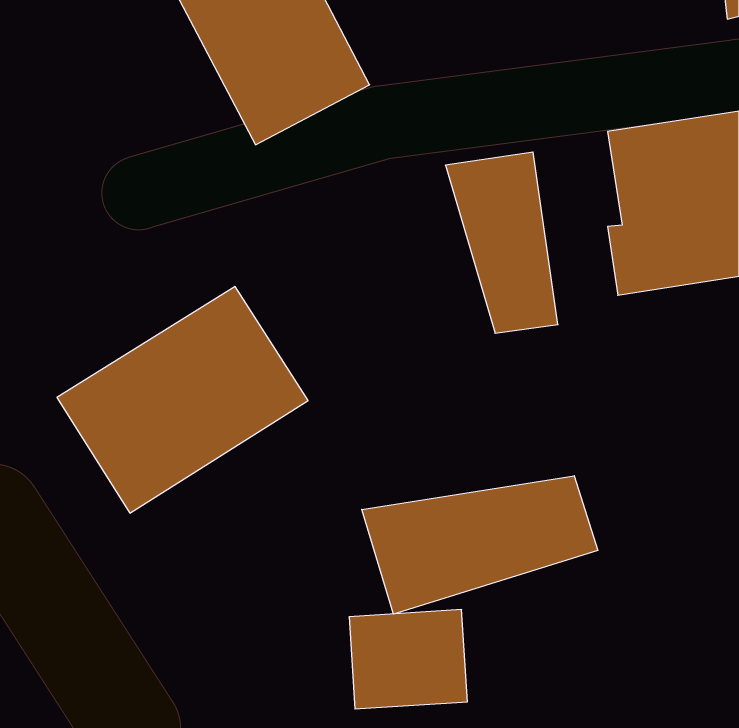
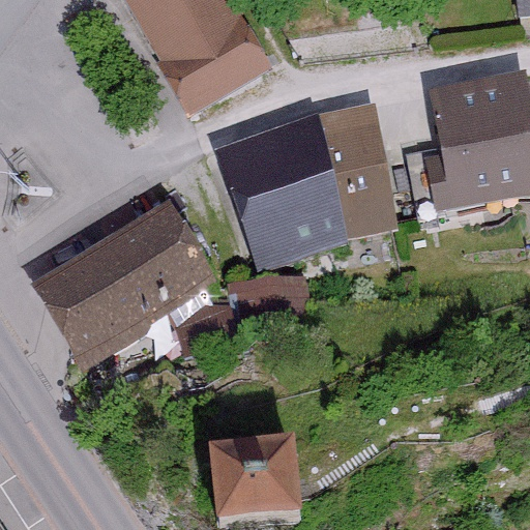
building: none -> [222,117,353,269]
building: [362,476,598,614] -> none

